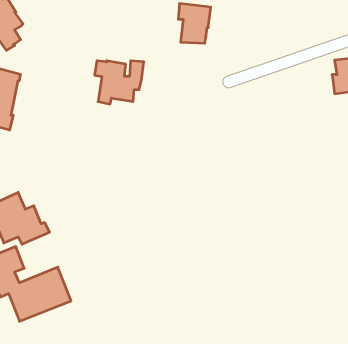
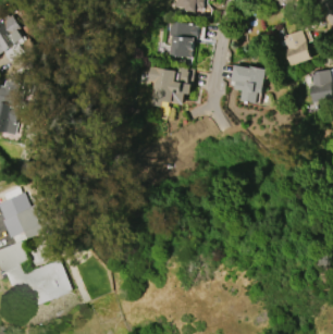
building: none -> [283,29,312,66]
building: none -> [231,65,267,103]
building: [95,61,144,104] -> [149,67,194,107]

